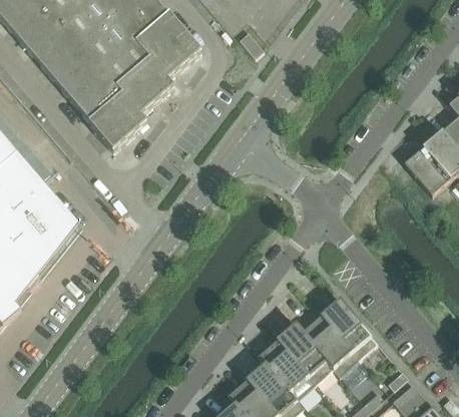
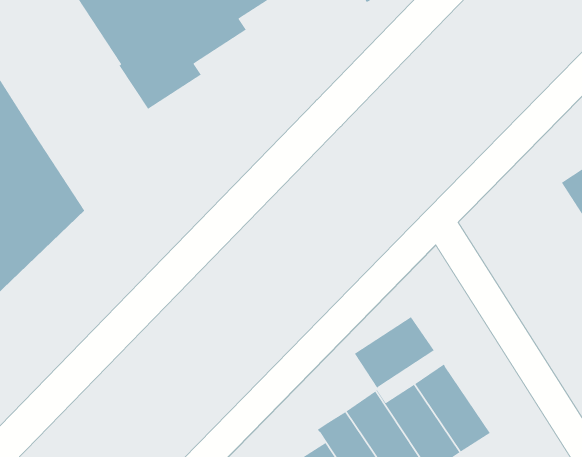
building: none -> [354,316,435,389]

